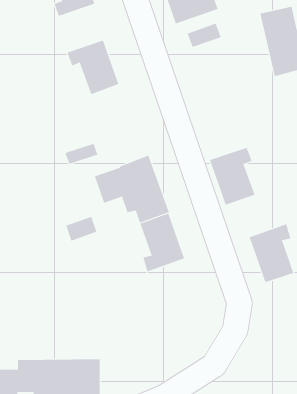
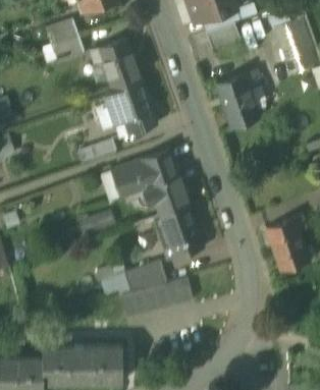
building: none -> [56,18,85,61]
building: none -> [103,82,154,138]
building: [209,147,256,205] -> [214,73,259,129]
building: none -> [100,259,198,317]

